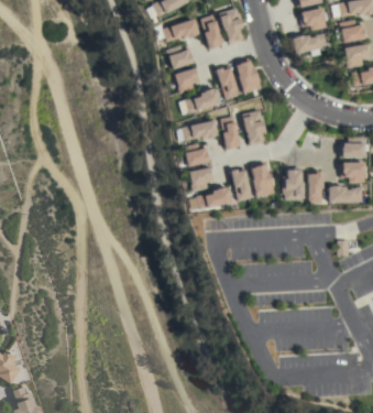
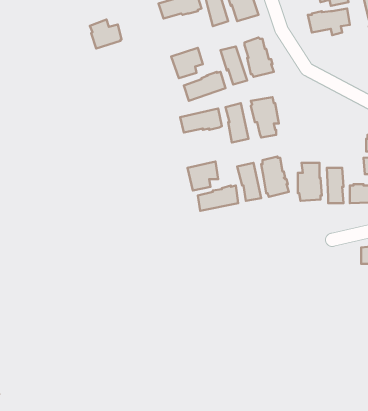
building: [166,44,194,69] -> [90,19,122,48]
building: [183,143,209,166] -> none

